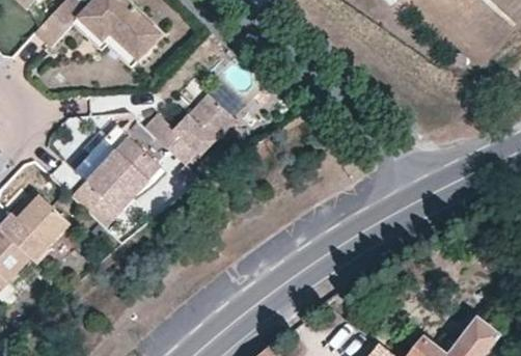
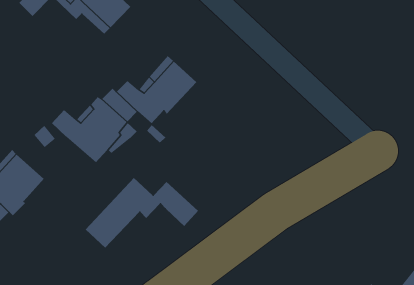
building: [72,177,121,225] -> none
building: none -> [85,177,199,249]

